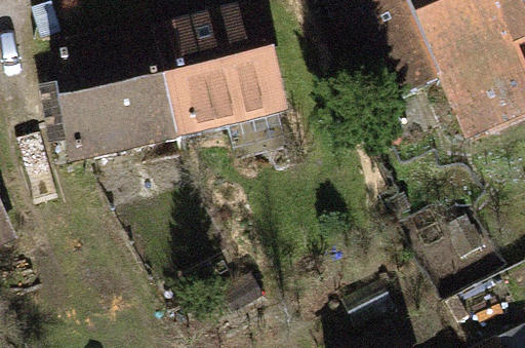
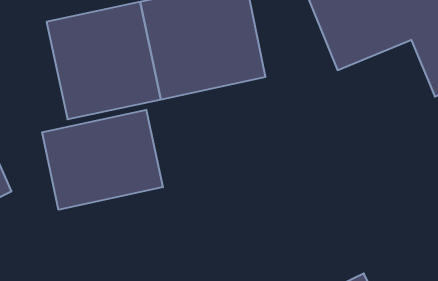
building: none -> [42,110,163,210]

